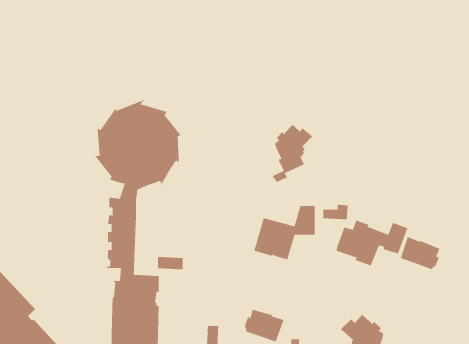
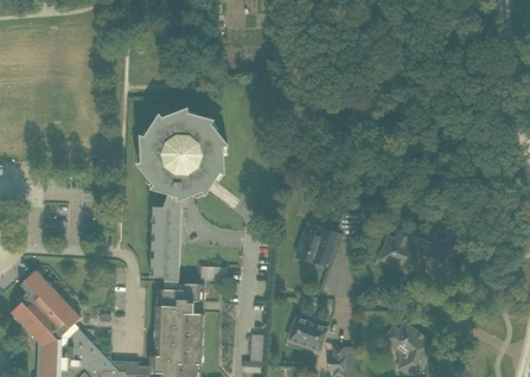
building: [272,124,313,183] -> none
building: [400,236,440,270] -> none

